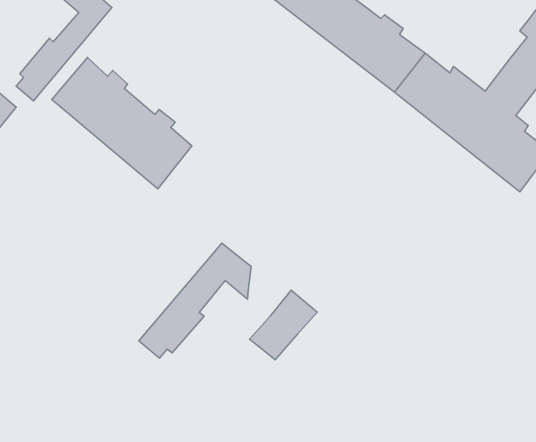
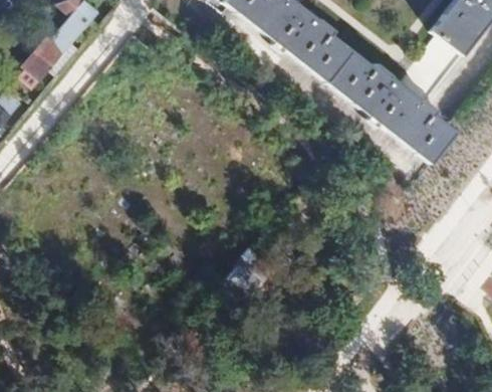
building: [52,57,192,189] -> none
building: [139,243,251,358] -> none

